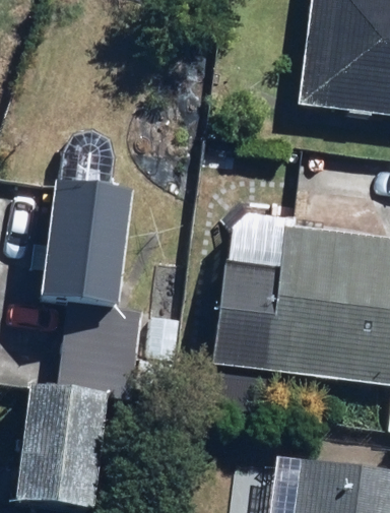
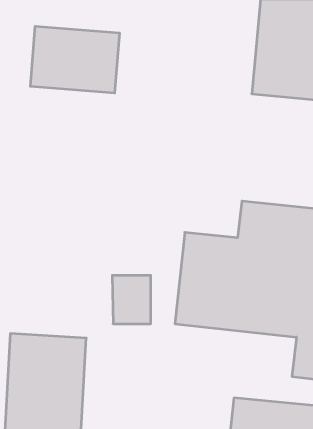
building: none -> [30,26,119,93]
building: [44,127,131,305] -> none

